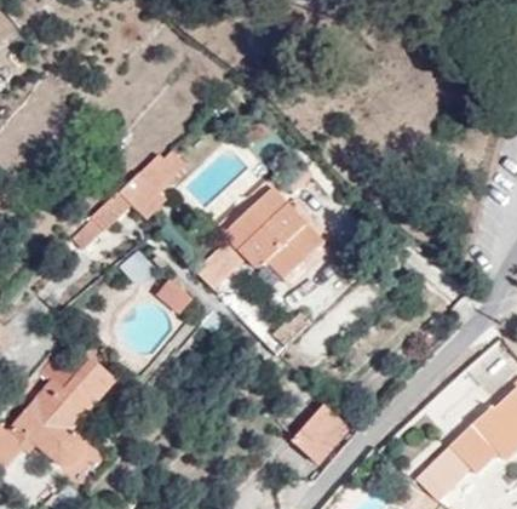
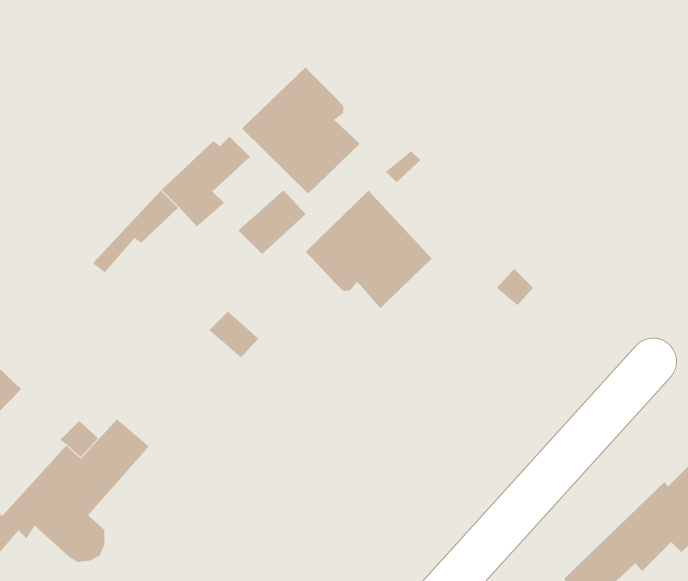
building: none -> [241,67,361,195]
building: [199,240,249,288] -> [238,190,306,255]
building: [292,405,349,463] -> none

